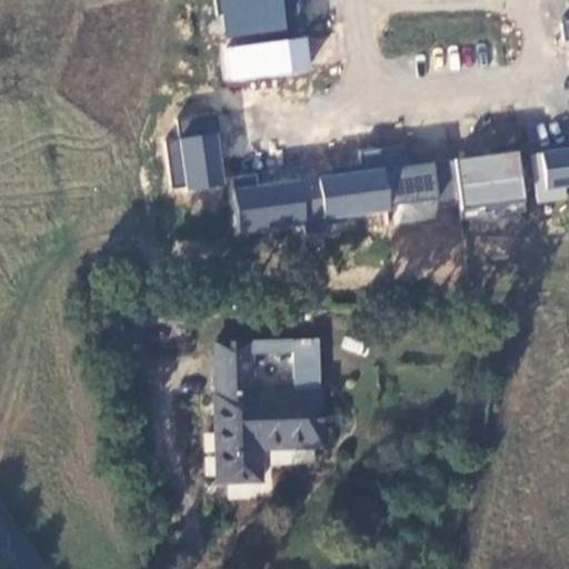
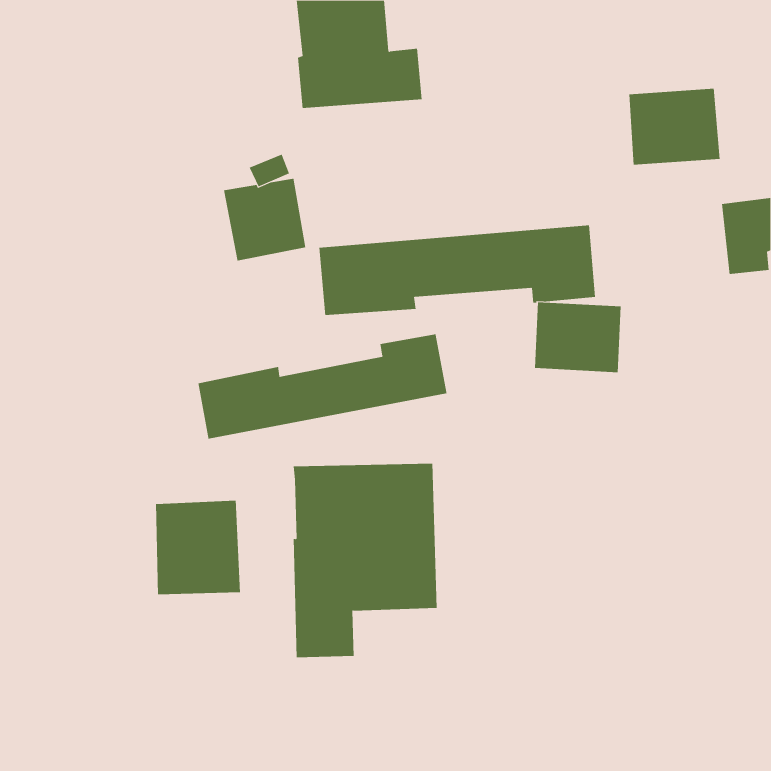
building: [457,152,525,209] -> [628,88,720,165]
building: none -> [198,333,447,439]
building: none -> [156,500,240,595]

